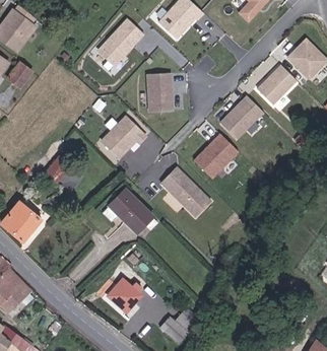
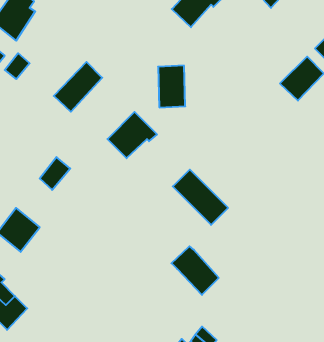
building: [100,20,143,65] -> [54,62,102,112]
building: [219,97,263,139] -> none
building: [195,134,238,179] -> none
building: [108,189,150,232] -> [171,246,219,295]
building: [106,280,141,313] -> none

